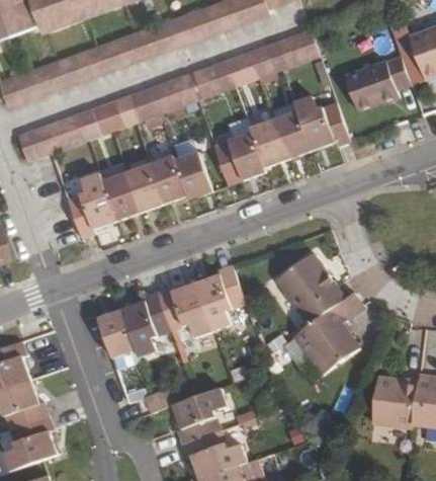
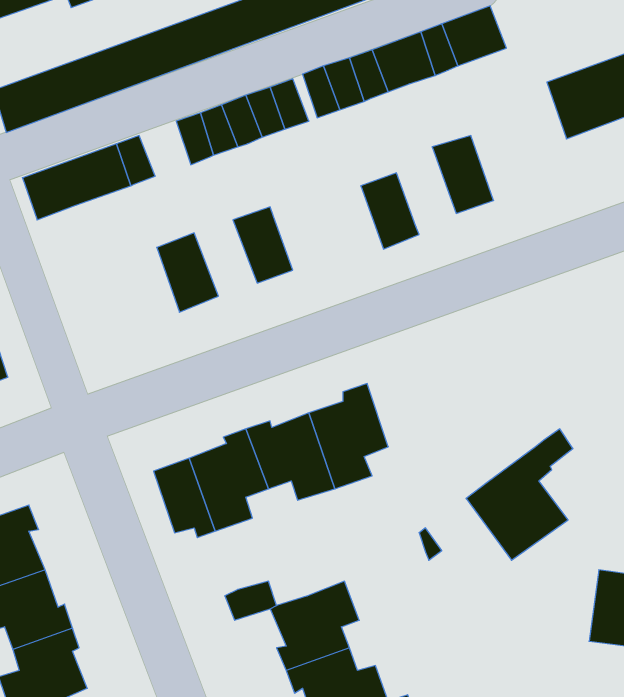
building: [294,95,350,151] -> none
building: [249,117,288,167] -> none
building: [174,153,212,199] -> none
building: [124,163,164,211] -> none
building: [67,173,115,239] -> none
building: [275,256,343,327] -> none

